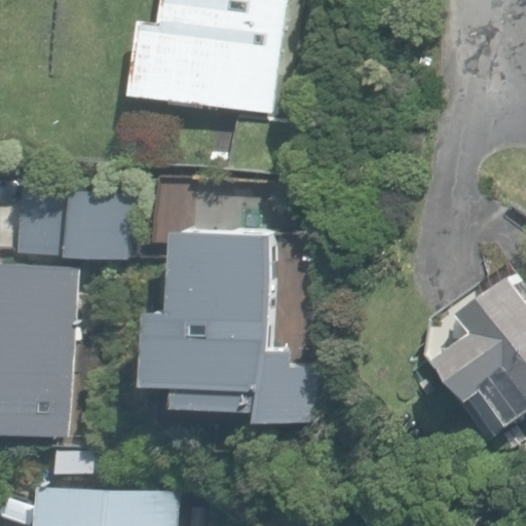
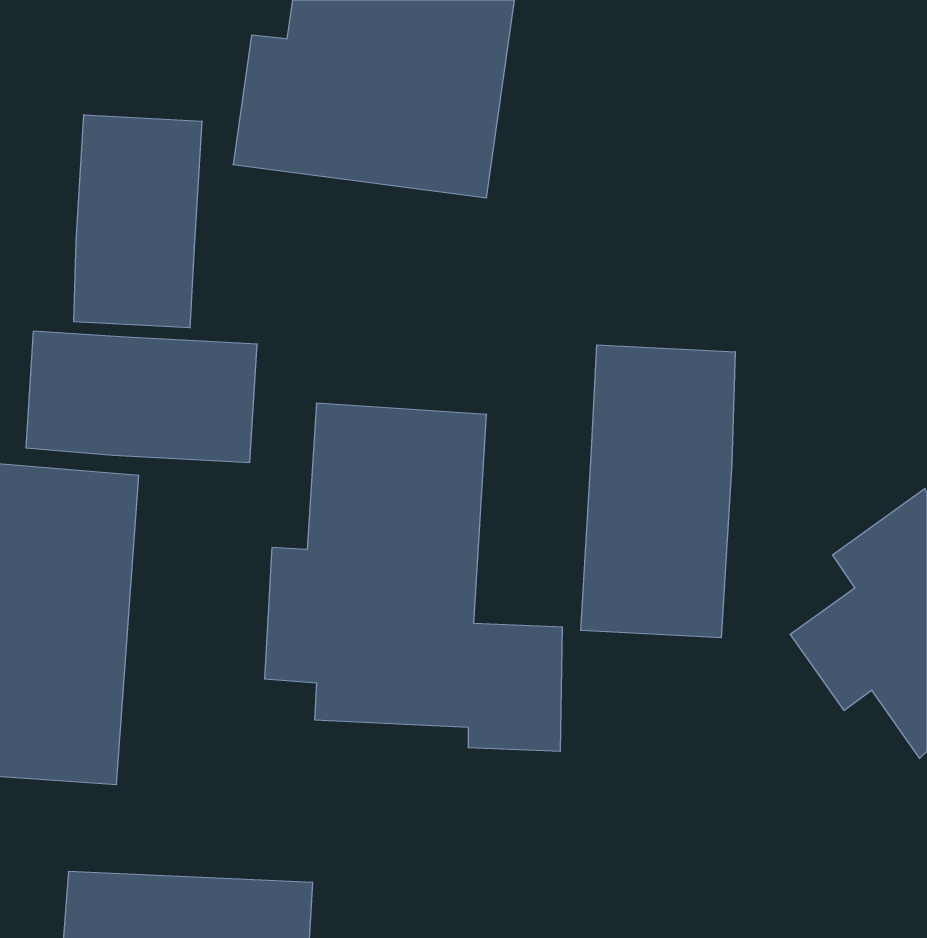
building: none -> [74,115,202,328]
building: none -> [581,345,735,638]

